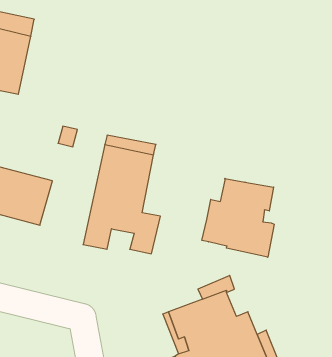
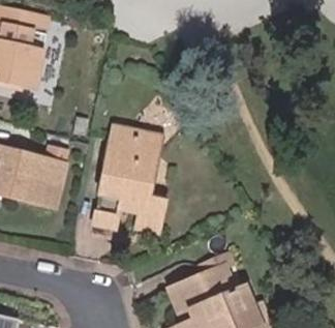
building: [202,178,274,257] -> none

